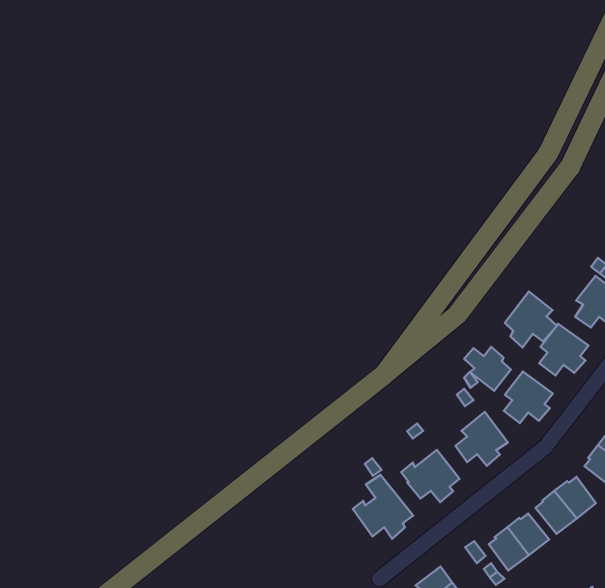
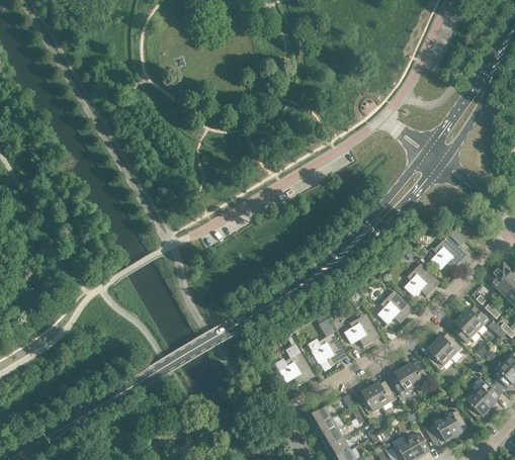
building: [505,292,557,347] -> none
building: [464,347,511,391] -> none

